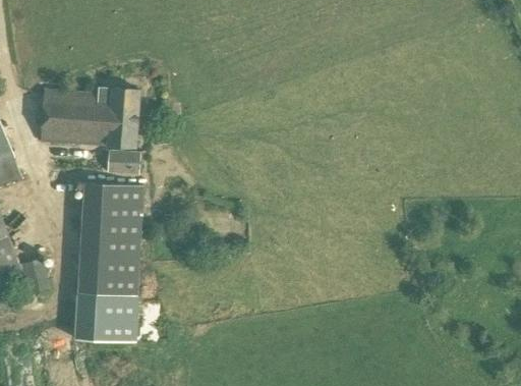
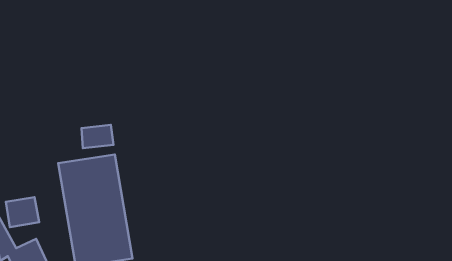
building: [41,89,138,148] -> none
building: none -> [6,197,39,227]

